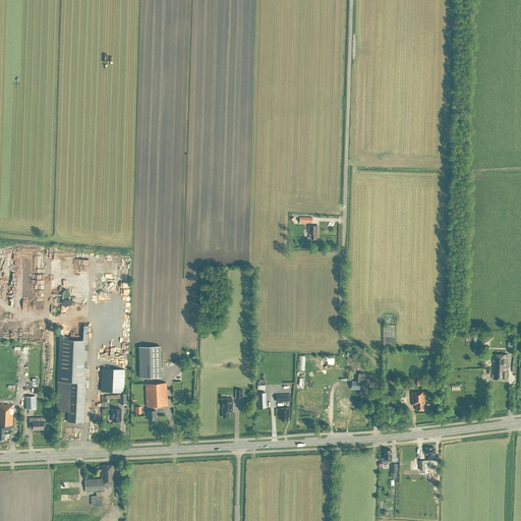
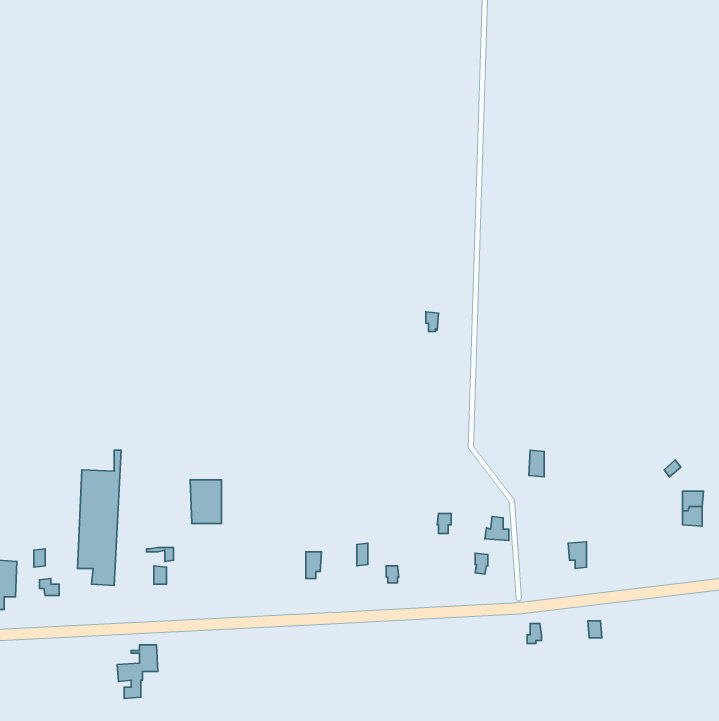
building: [100,368,123,393] -> none
building: [144,383,166,420] -> none

